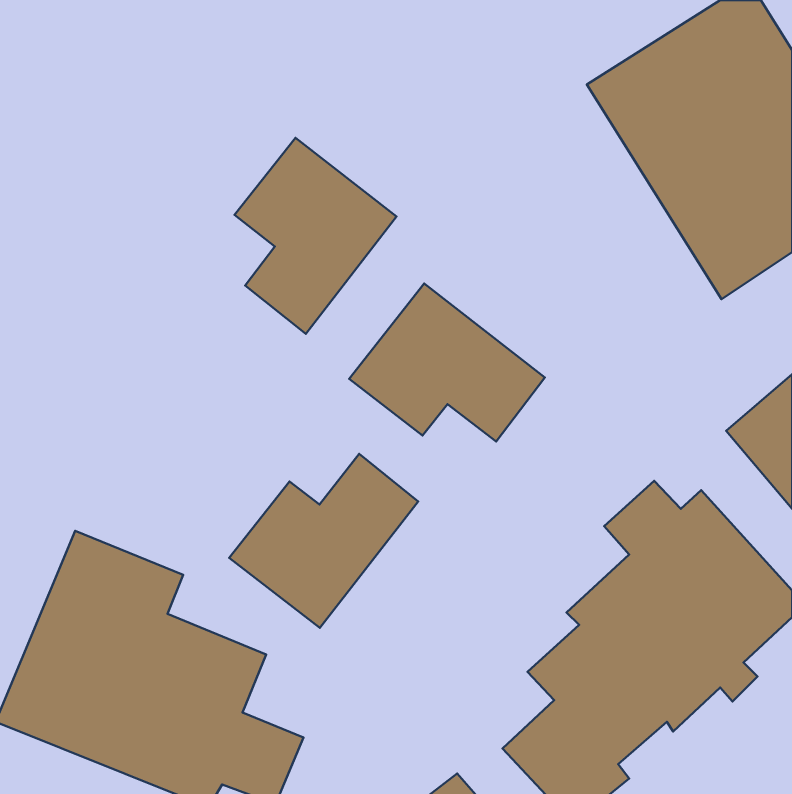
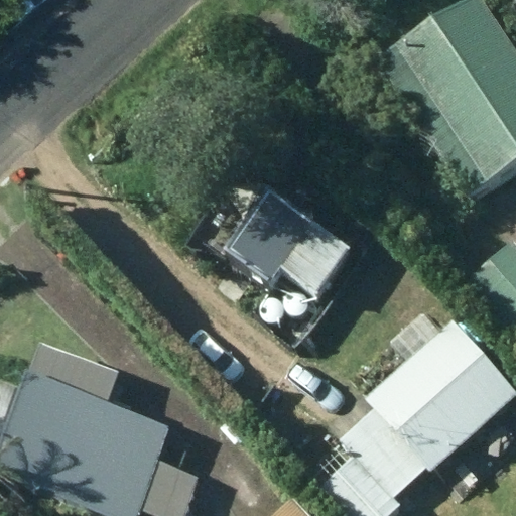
building: [234,138,396,334] -> none
building: [229,454,418,628] -> none

